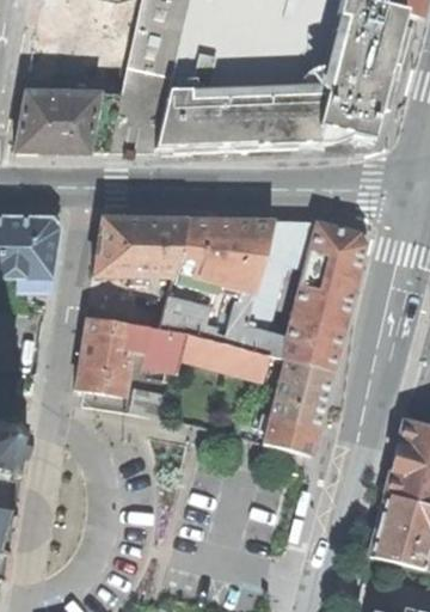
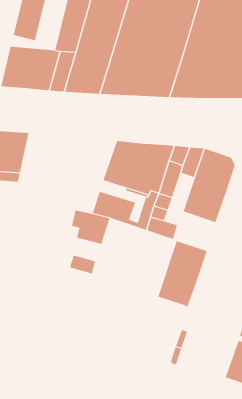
building: [94,216,189,275] -> none
building: [76,314,135,392] -> none
building: [282,314,342,369] -> none
building: [182,331,268,377] -> none

